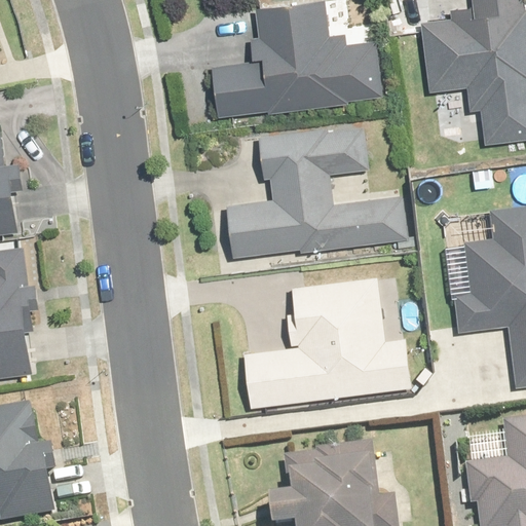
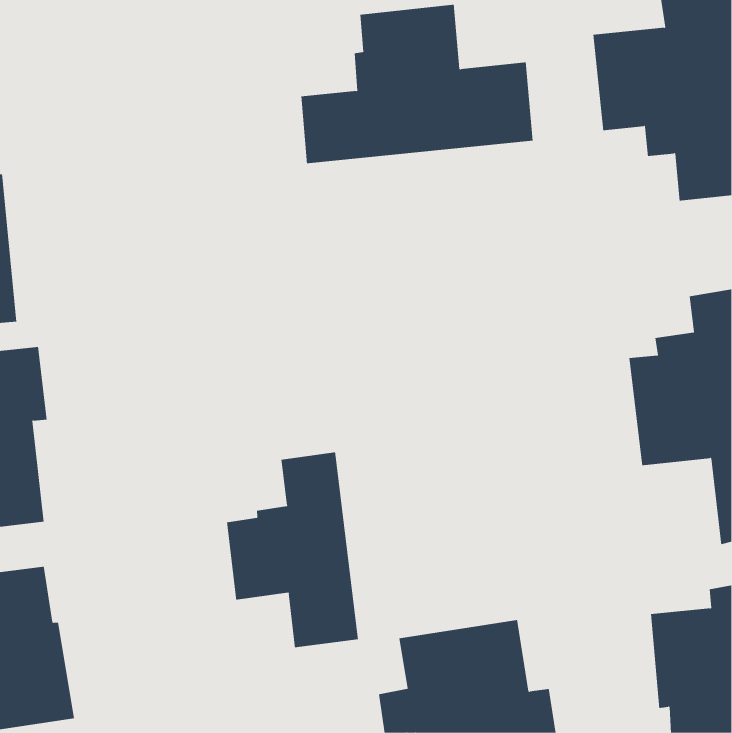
building: [228,127,408,259] -> none
building: [246,277,413,407] -> none
building: none -> [227,452,358,648]

